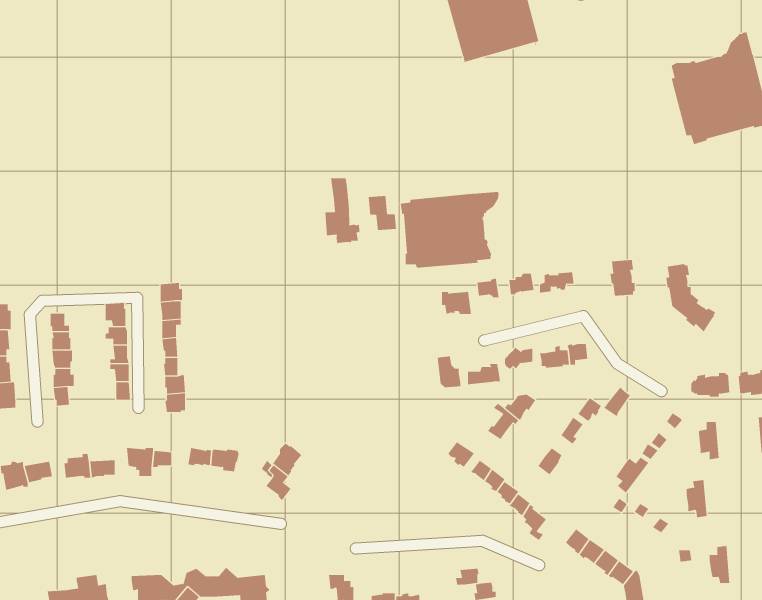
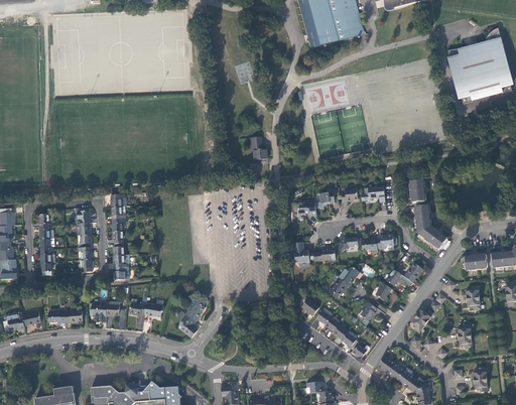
building: [325,177,360,244] -> none
building: [400,191,500,268] -> none
building: [665,263,716,332] -> [412,204,445,249]

